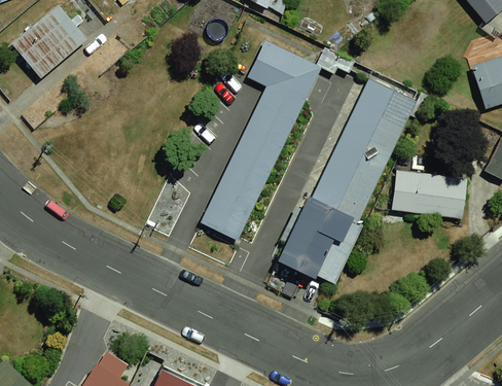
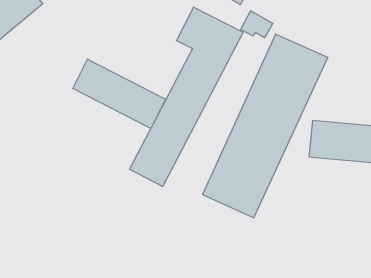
building: none -> [73,59,165,128]

